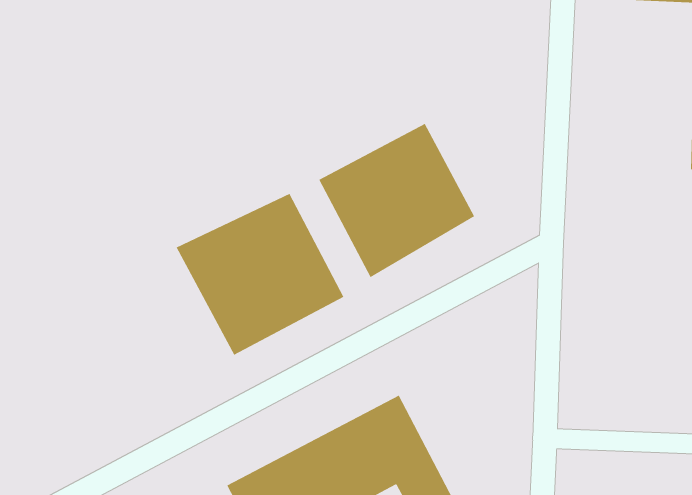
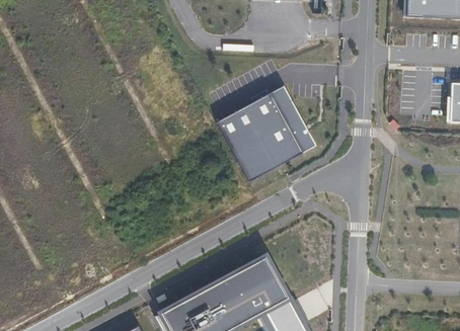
building: [176,193,345,356] -> none

